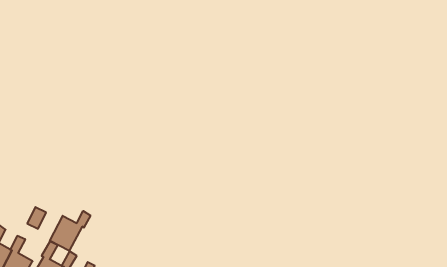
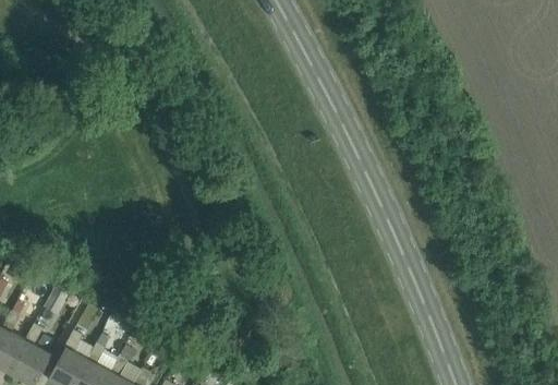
building: [50,211,90,251] -> none

